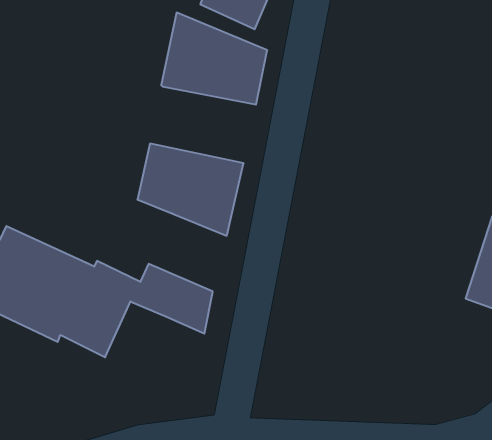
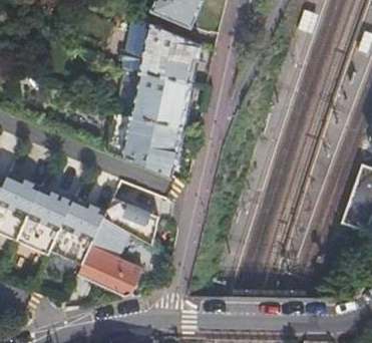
building: none -> [115,68,192,124]
building: none -> [77,223,140,293]

